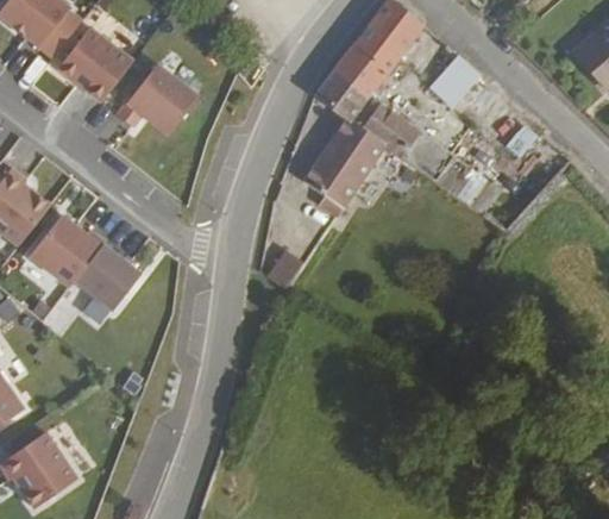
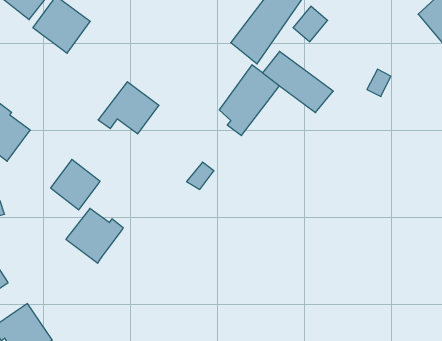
building: [117,62,199,132] -> [98,82,159,134]
building: [432,65,478,113] -> [293,6,328,42]
building: [30,214,107,288] -> [66,208,123,263]

